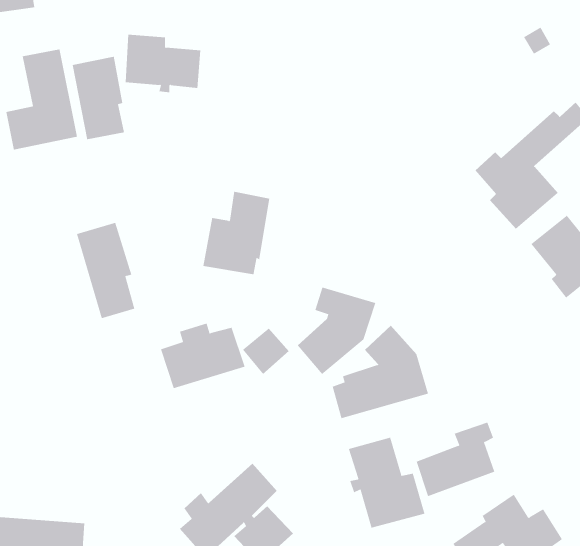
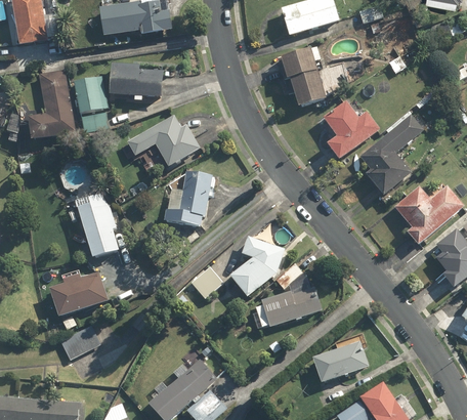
building: none -> [280,46,326,108]
building: none -> [321,99,380,160]
building: none -> [121,115,201,168]
building: [160,323,245,389] -> [48,271,108,318]
building: none -> [60,324,102,361]
building: [348,437,425,529] -> none

